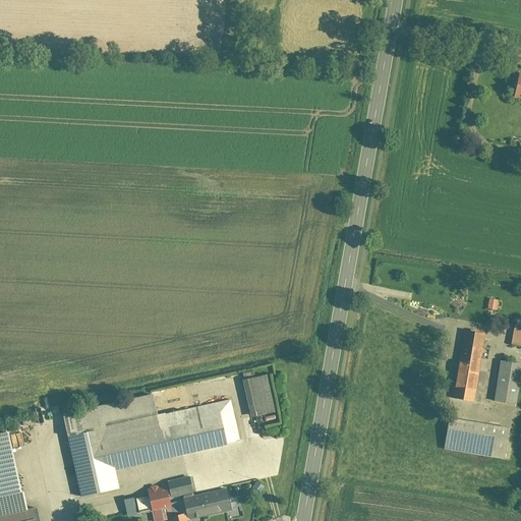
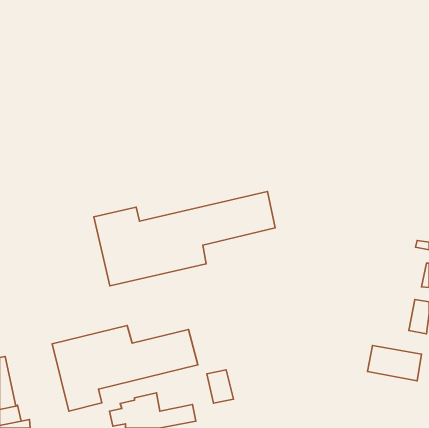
building: none -> [94,191,275,286]
building: [451,332,486,402] -> none
building: [244,378,277,418] -> [207,370,234,403]

